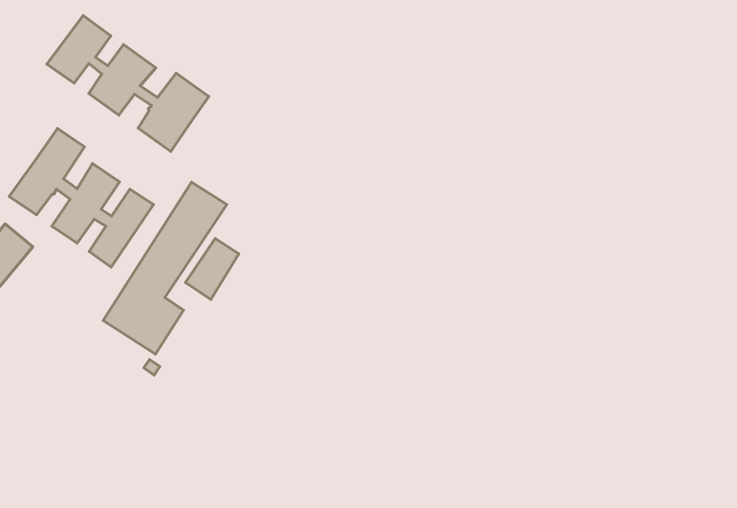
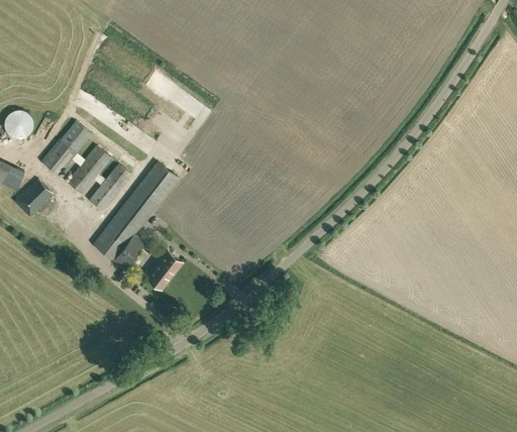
building: [47,15,209,152] -> none
building: [186,239,239,299] -> [146,251,182,290]

